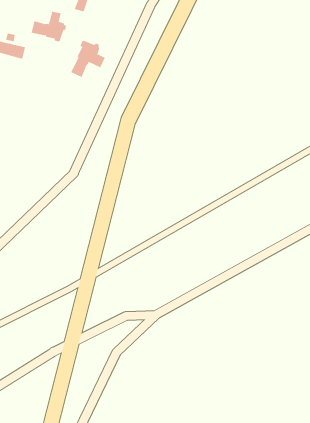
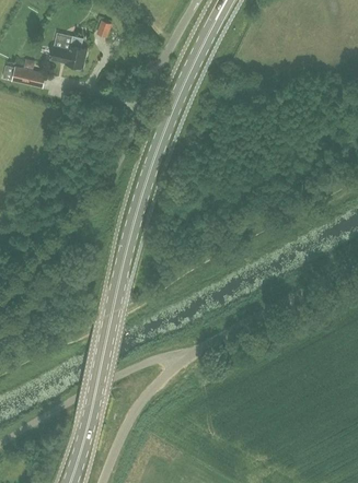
building: [71,40,106,78] -> none

